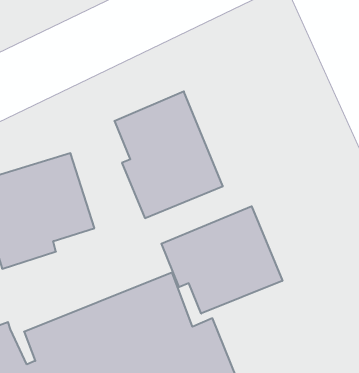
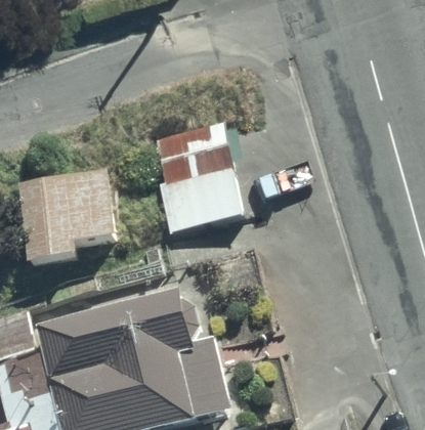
building: [161,206,282,314] -> none

